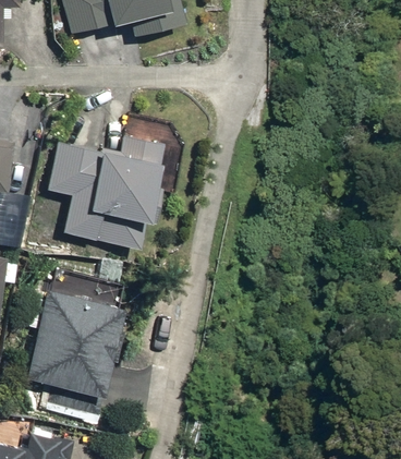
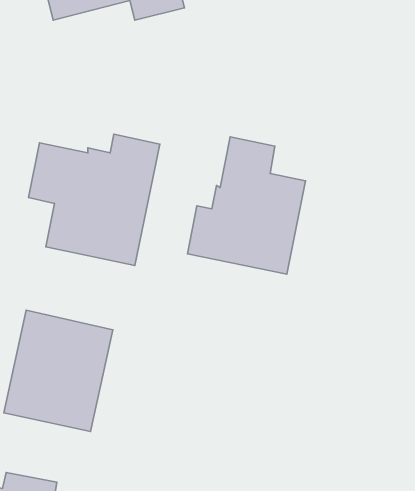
building: none -> [187,137,305,274]

